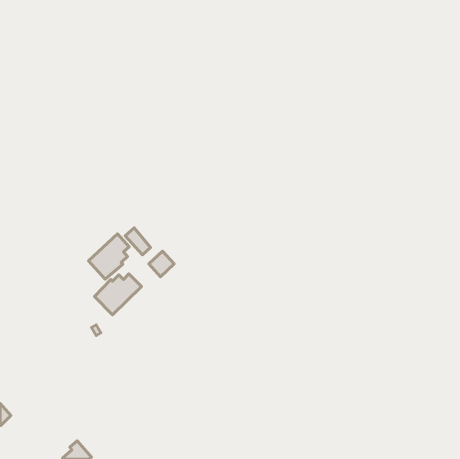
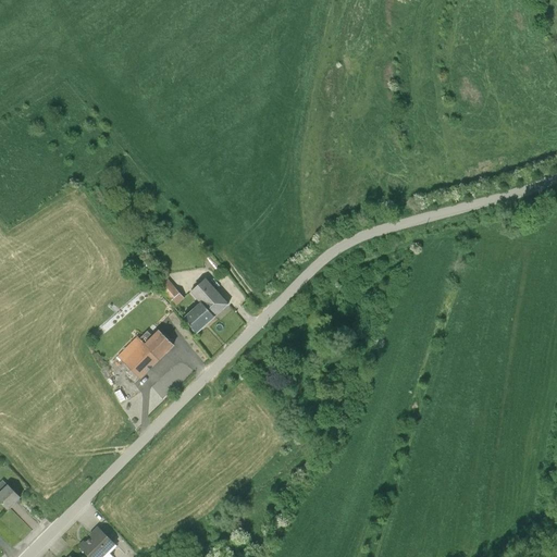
building: none -> [189,276,230,317]
building: [88,234,129,279] -> none

